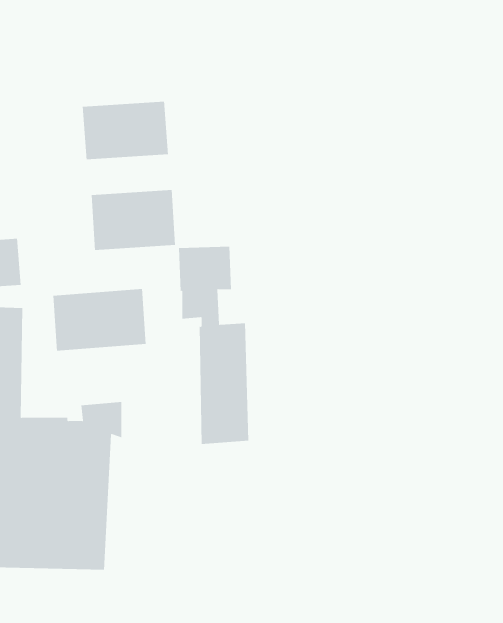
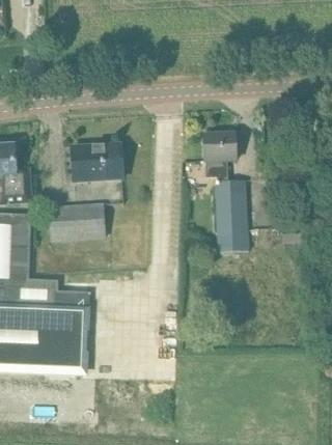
building: [82,101,169,160] -> none
building: [178,246,249,444] -> [203,133,246,251]

